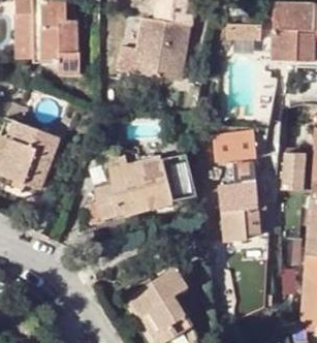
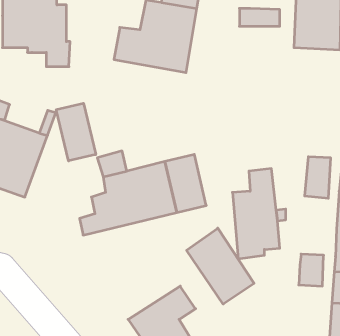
building: none -> [56,103,96,161]
building: [212,131,255,162] -> none
building: none -> [187,228,254,304]

